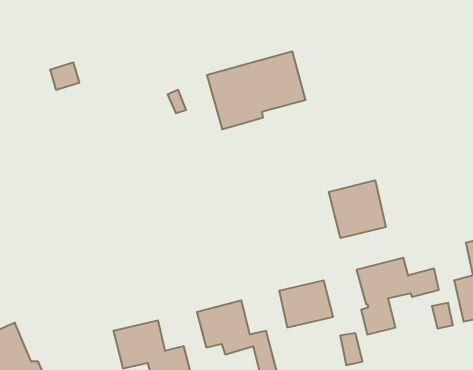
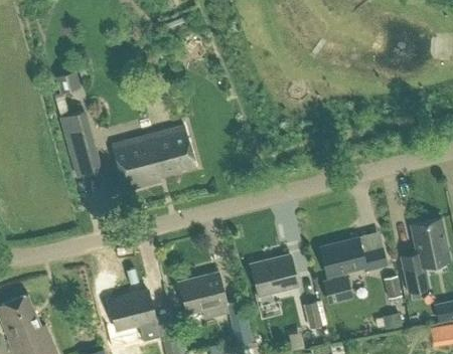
building: [207,52,306,129] -> [112,125,196,191]
building: none -> [60,111,102,177]
building: [329,180,386,238] -> none

